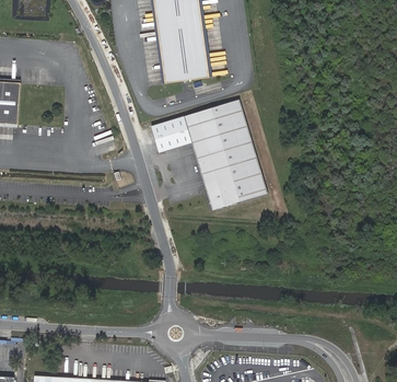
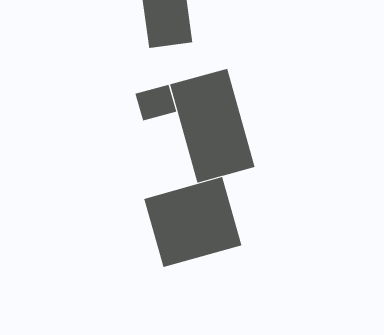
building: none -> [144,176,242,268]

